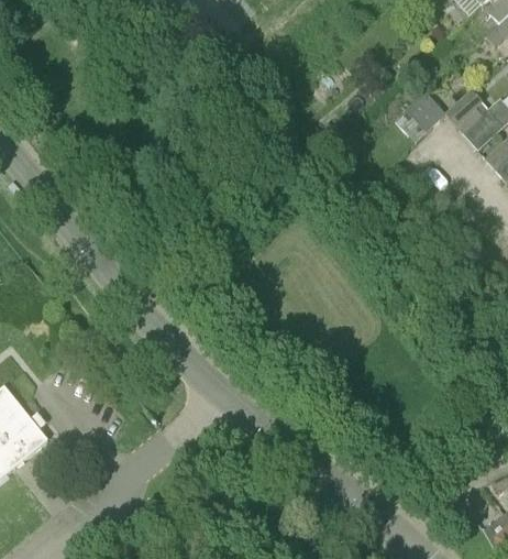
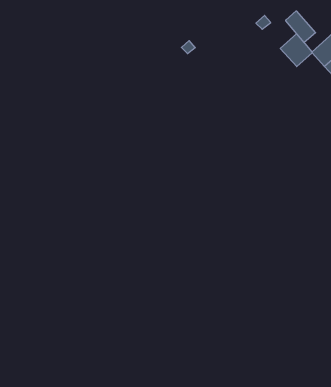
building: none -> [286,11,316,43]

